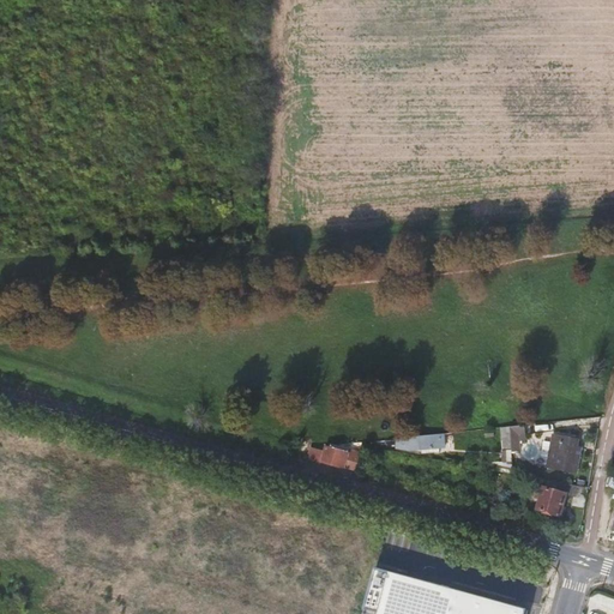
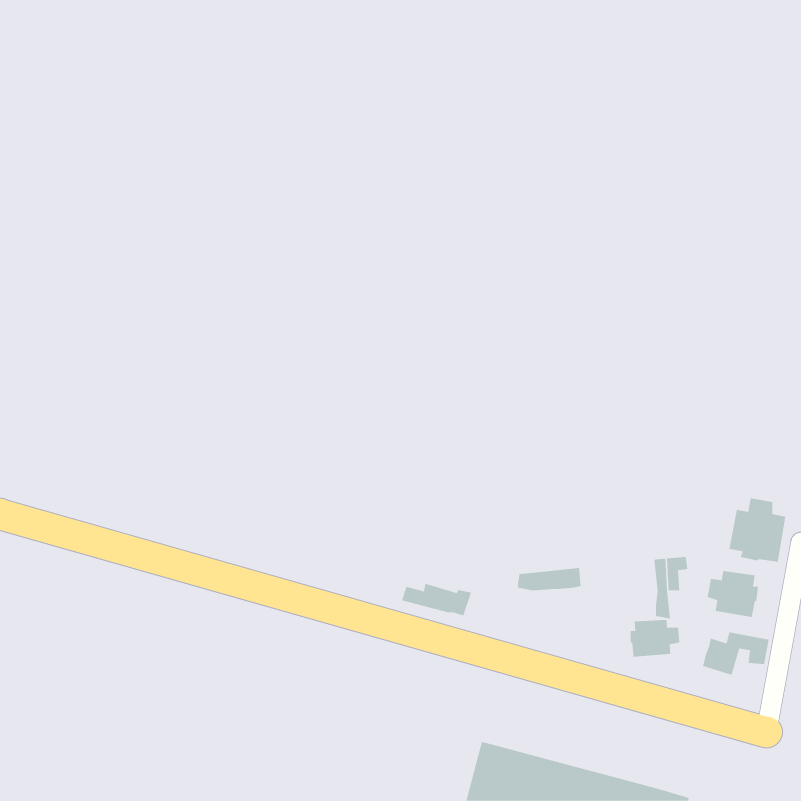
building: none -> [729,498,786,562]
building: none -> [630,619,680,657]

